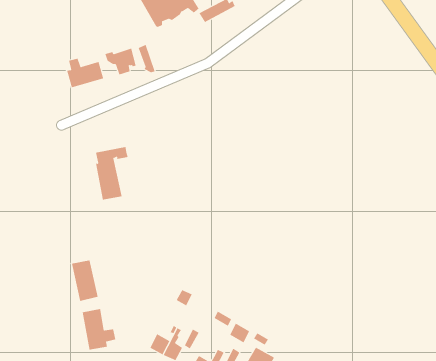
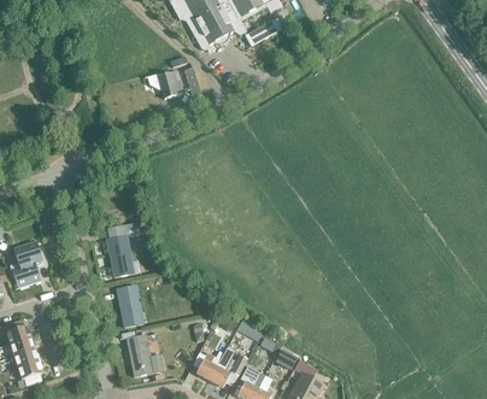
building: [67,58,104,88] -> none
building: [95,147,128,200] -> [106,222,140,276]

